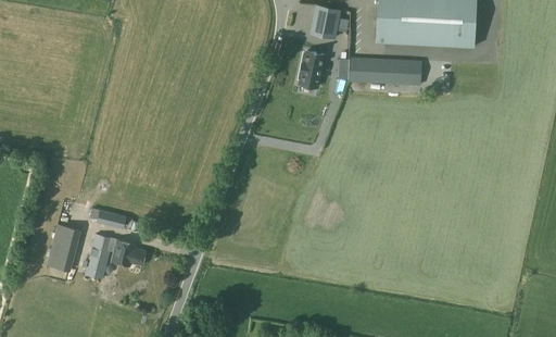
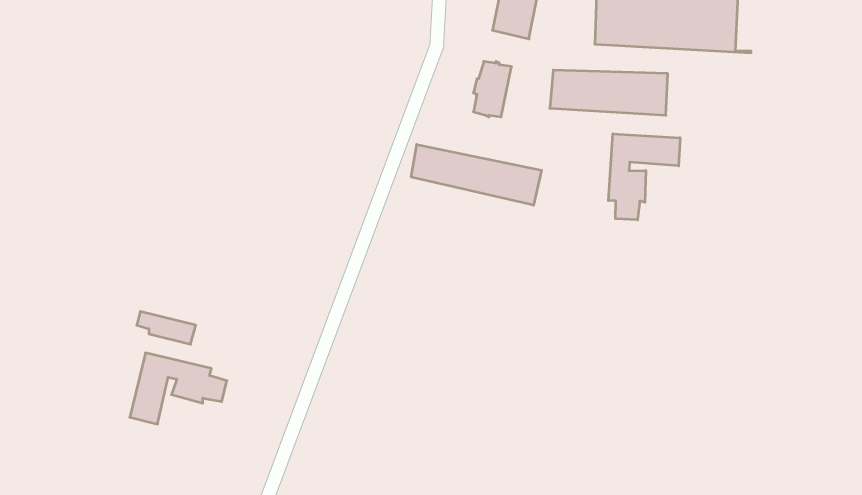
building: none -> [608,134,680,220]
building: none -> [411,144,542,205]
building: [47,225,78,271] -> none

